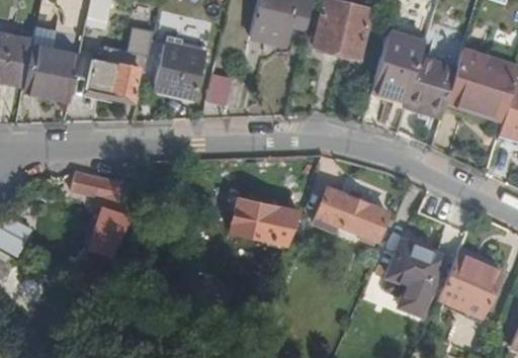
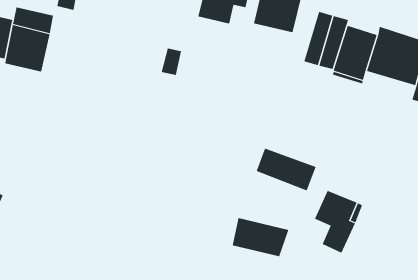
building: [86,27,153,101] -> none
building: [155,42,205,97] -> none
building: [72,174,130,257] -> none
building: [231,199,297,245] -> [232,218,289,257]
building: [439,253,501,316] -> none

